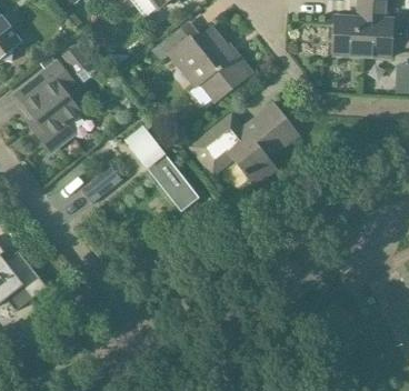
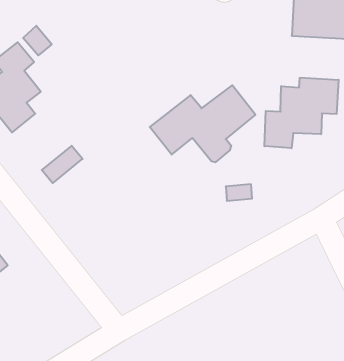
building: [151,24,251,99] -> none
building: none -> [264,78,339,148]
building: [127,128,199,211] -> none

